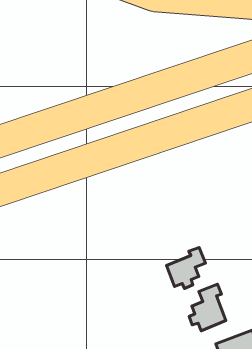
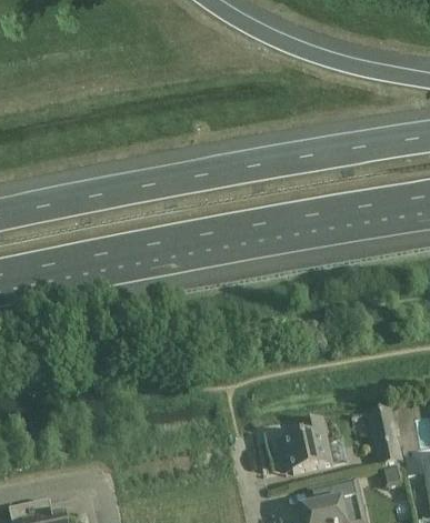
building: [167,247,205,288] -> none

